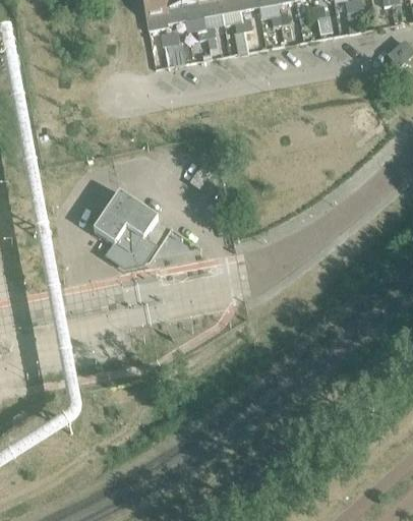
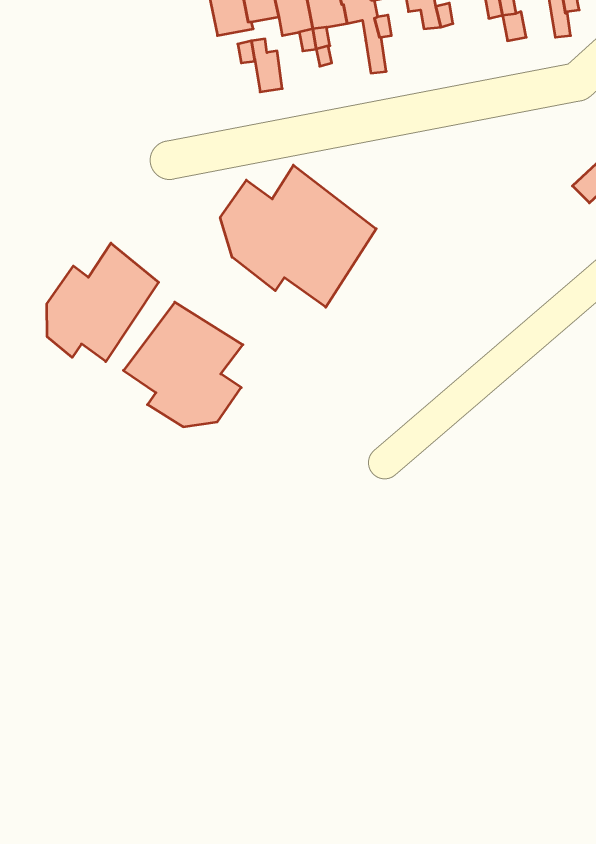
building: none -> [220,165,376,307]
building: none -> [47,243,159,362]

